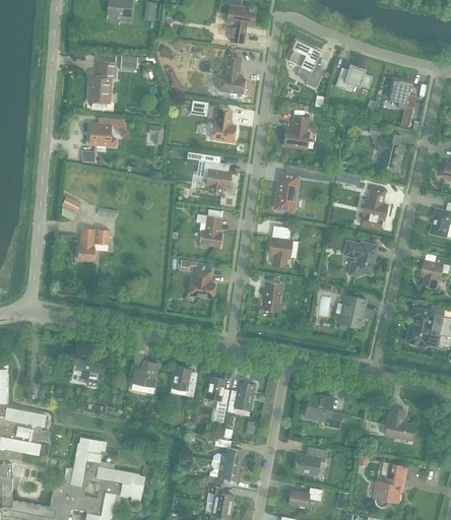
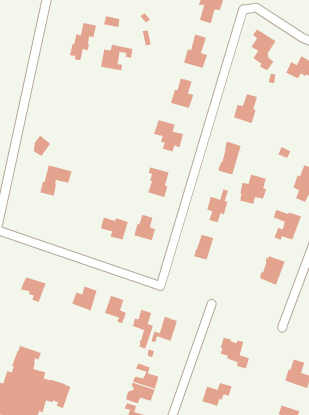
building: [89,117,124,145] -> [100,44,133,71]
building: none -> [240,174,267,205]
building: none -> [100,217,128,240]

